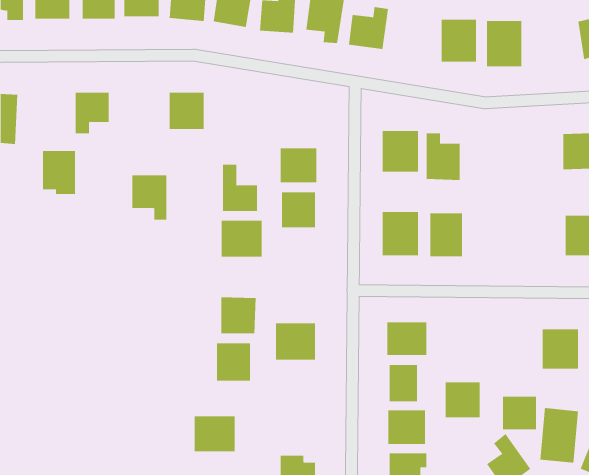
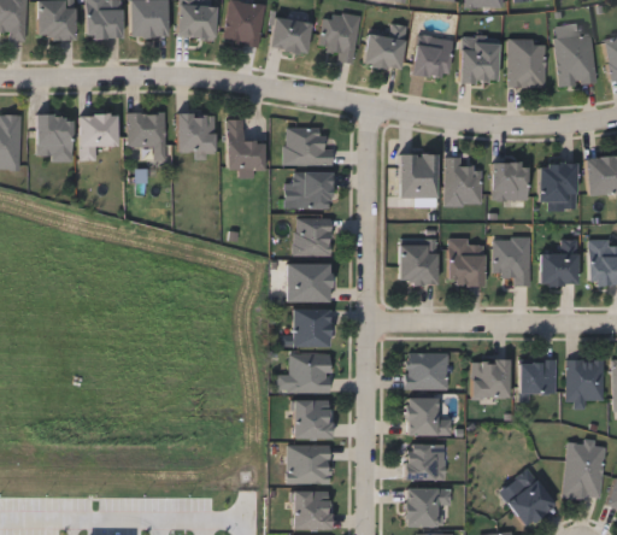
building: none -> [556,25,597,86]
building: none -> [415,35,453,80]
building: none -> [284,128,328,165]
building: none -> [493,163,528,200]
building: none -> [540,163,576,202]
building: [42,150,76,194] -> [37,116,72,161]
building: [222,164,258,212] -> [228,120,265,170]
building: [131,175,167,220] -> [129,113,166,160]
building: none -> [494,237,531,286]
building: none -> [541,240,578,286]
building: [221,220,262,257] -> [288,264,331,302]
building: [220,297,256,334] -> [294,308,331,347]
building: [216,343,251,381] -> [295,400,331,440]
building: [445,382,481,418] -> [472,360,510,398]
building: [502,396,537,430] -> [519,360,556,395]
building: [194,416,236,452] -> [288,446,331,483]

